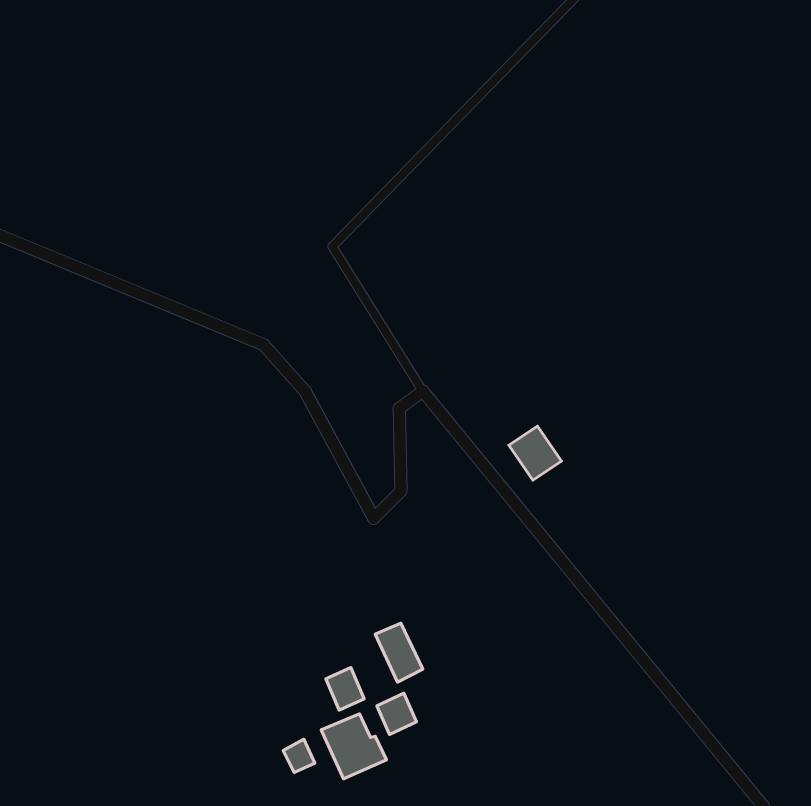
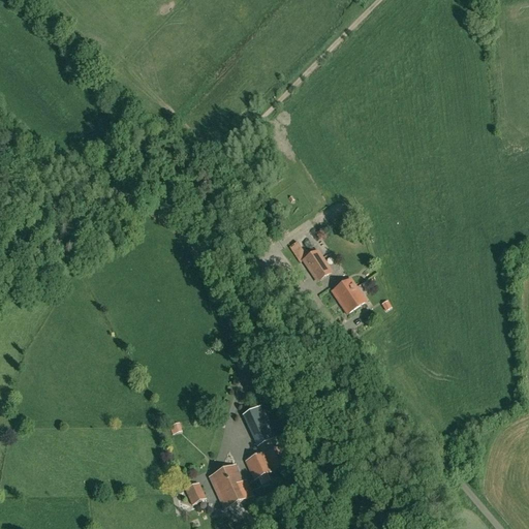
building: none -> [302,248,330,279]
building: [326,668,364,710] -> none

